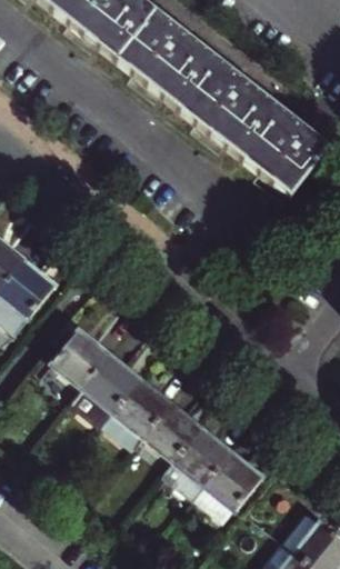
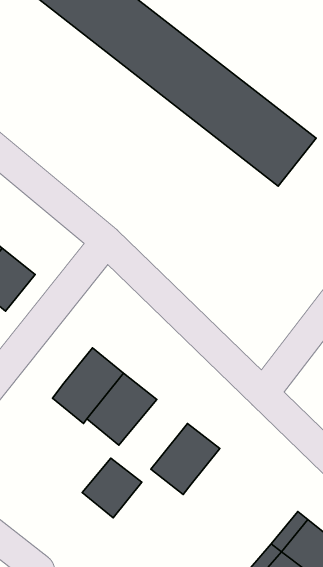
building: [52,328,111,387] -> none
building: [146,402,203,460] -> [82,458,142,518]
building: [207,450,263,508] -> none

